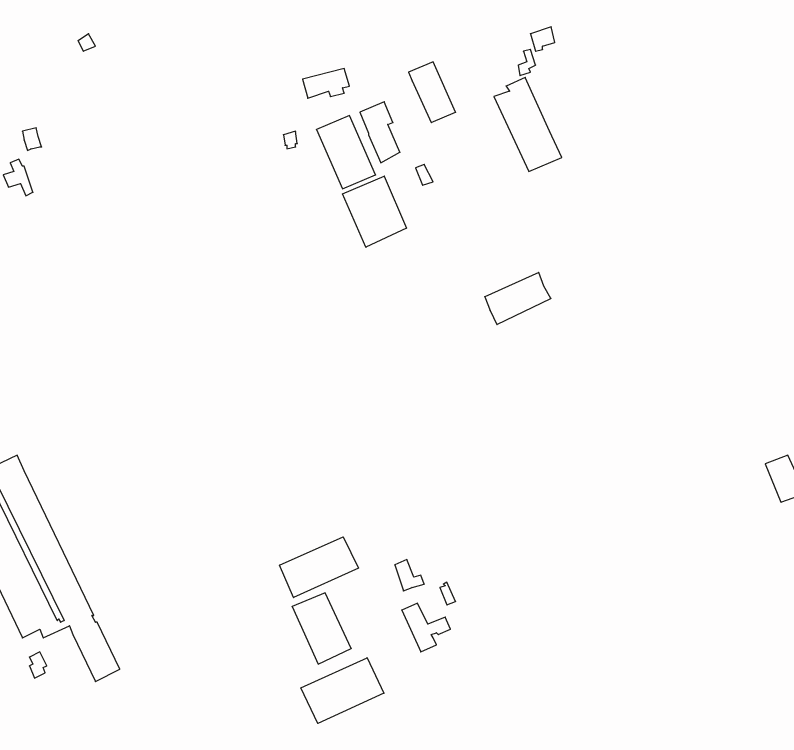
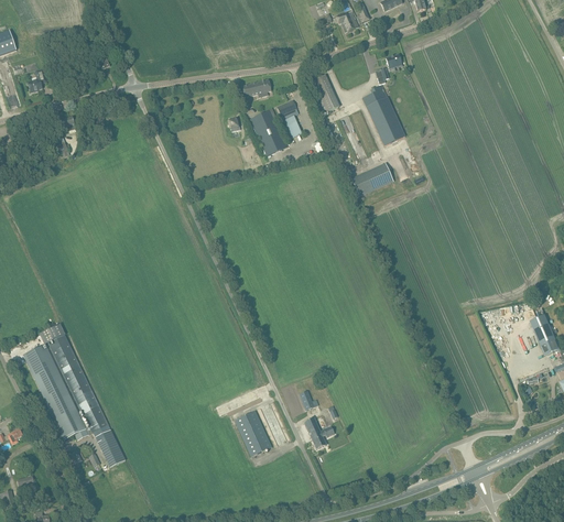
building: [342,176,406,247] -> none
building: [485,272,551,325] -> [351,163,393,196]
building: [280,537,359,598] -> none
building: [301,658,384,723] -> none

